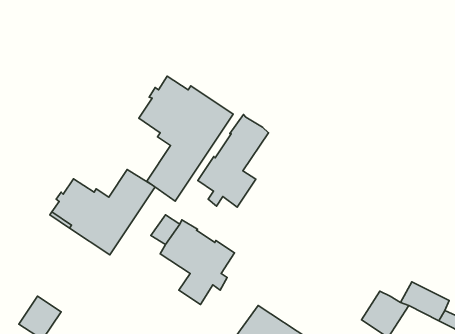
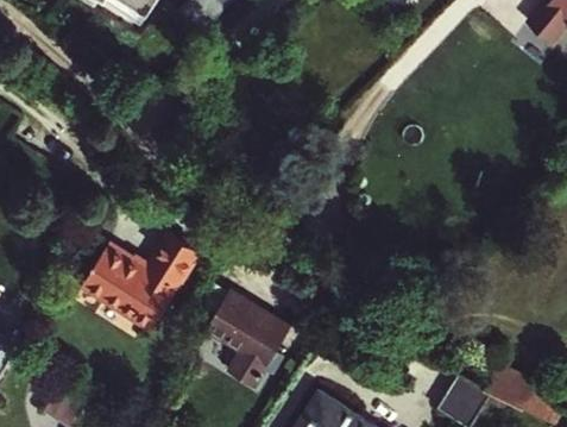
building: [139,76,233,201] -> none
building: [198,115,269,207] -> none

